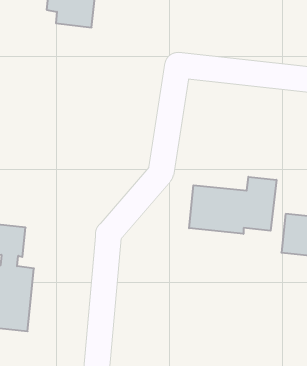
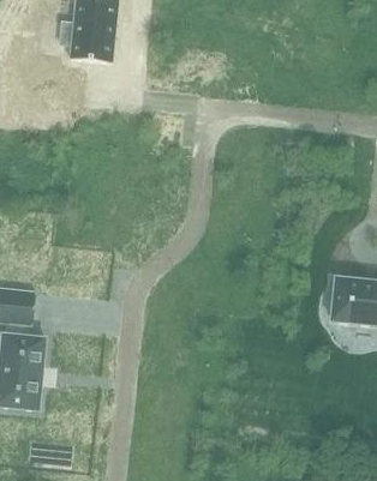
building: [189,177,276,234] -> none

